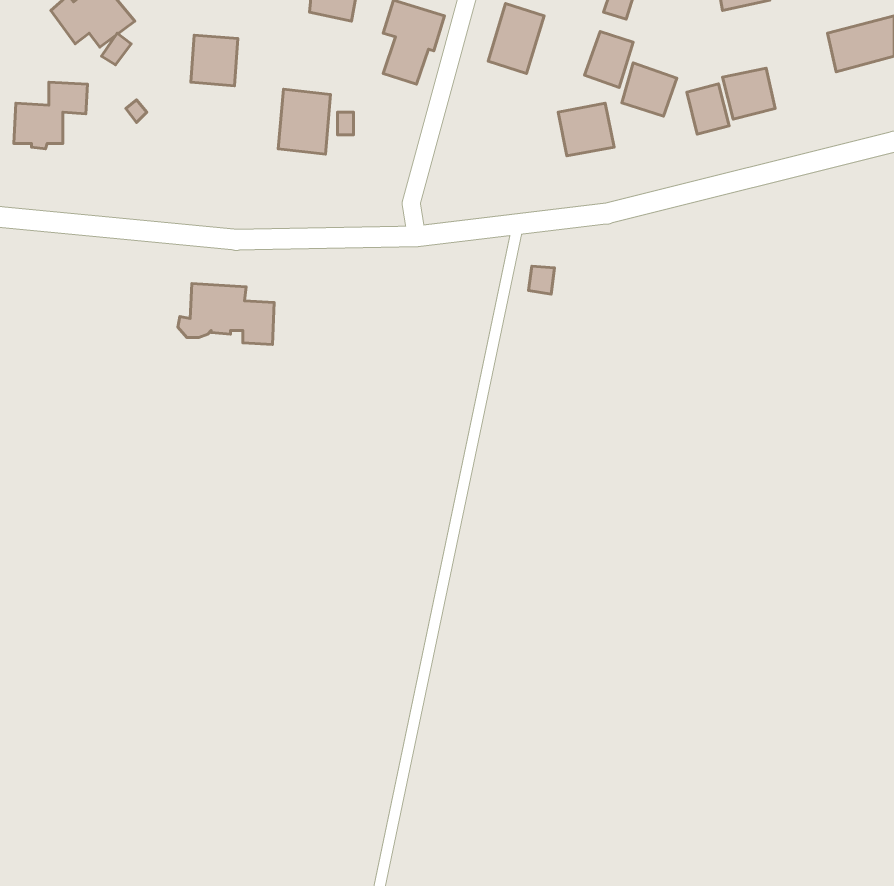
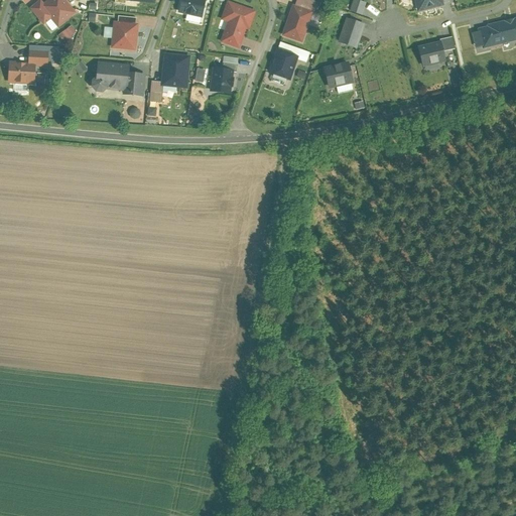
building: [622,63,677,116] -> none
building: none -> [267,47,299,82]
building: [687,84,729,134] -> none
building: none -> [211,67,235,96]
building: [178,283,274,345] -> [91,61,146,97]

